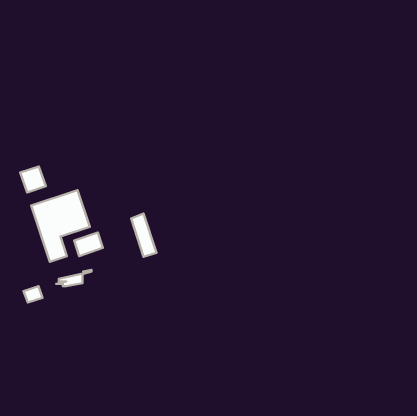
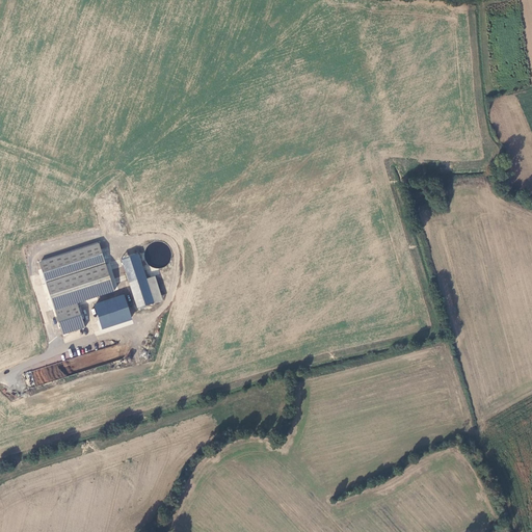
building: [20,166,46,192] -> none
building: [131,214,157,257] -> [122,251,154,307]

